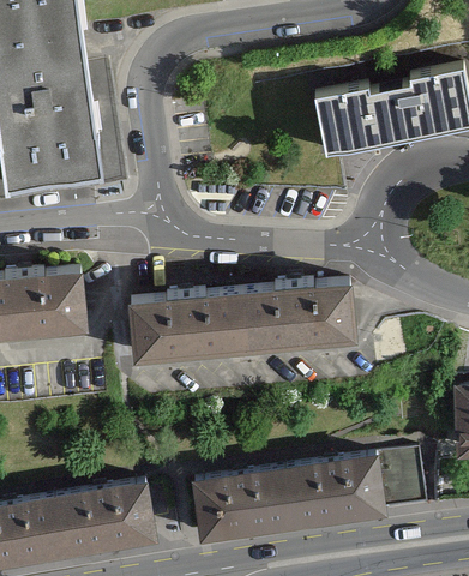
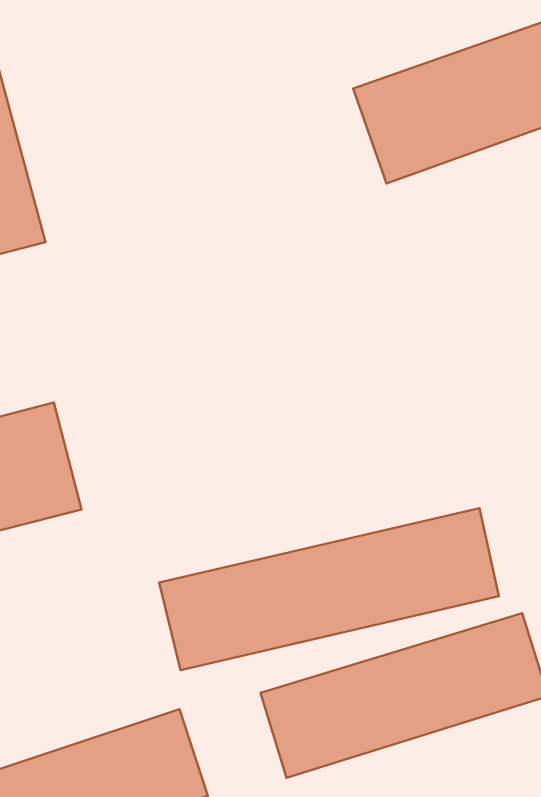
building: [134,288,353,362] -> [159,508,499,670]

